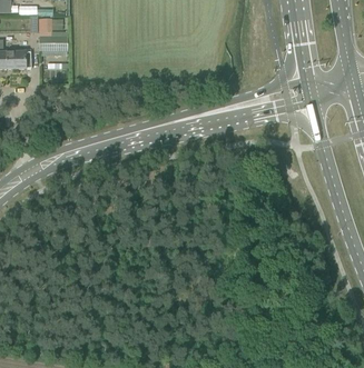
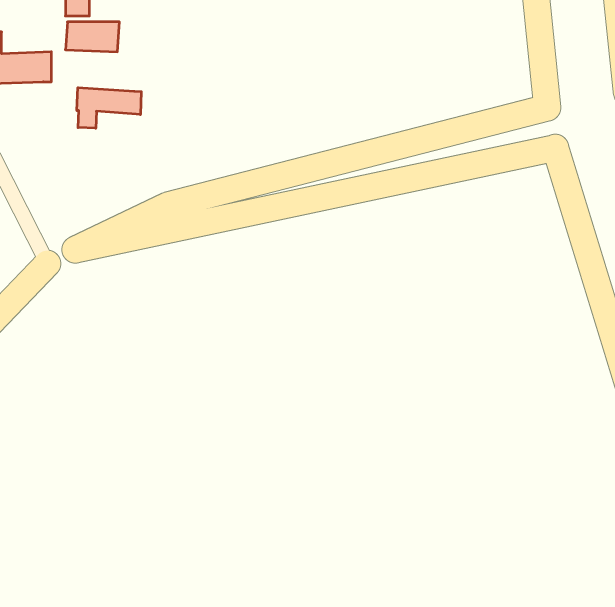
building: none -> [77,88,141,128]

